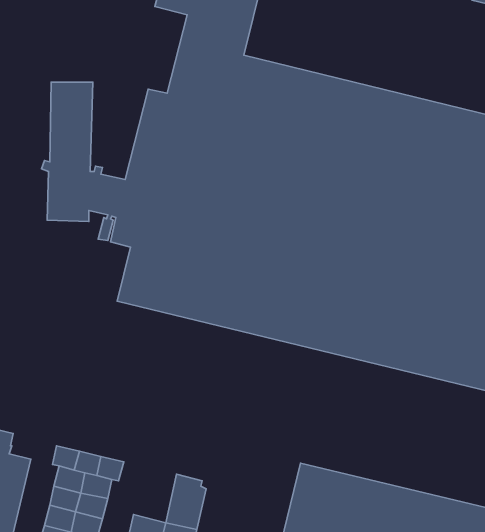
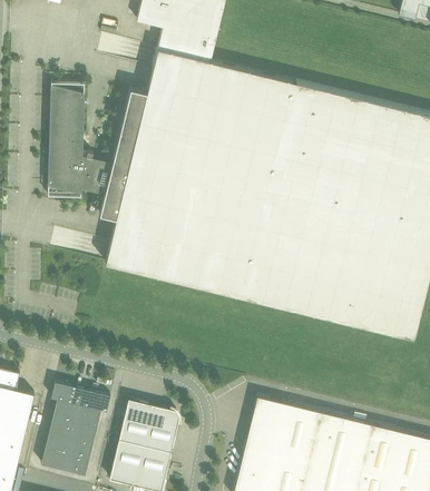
building: none -> [118,401,154,446]

